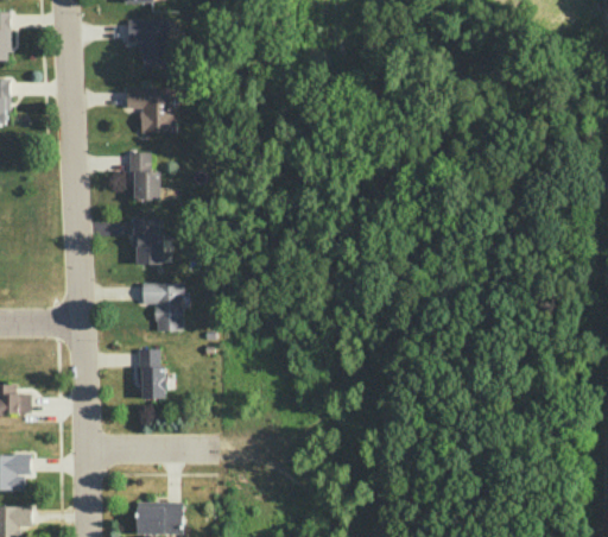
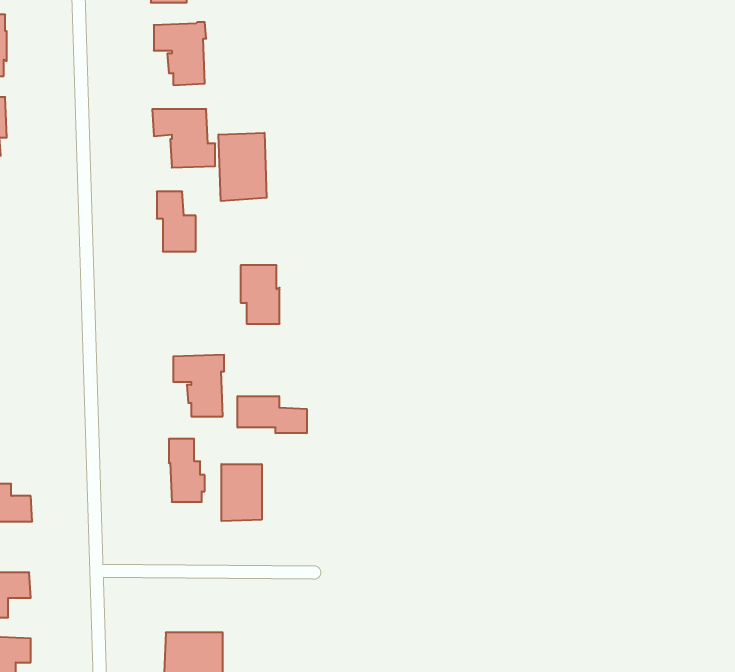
building: none -> [219,133,267,201]
building: [132,219,163,265] -> [241,265,280,324]
building: none -> [238,396,307,433]
building: none -> [221,464,262,521]

